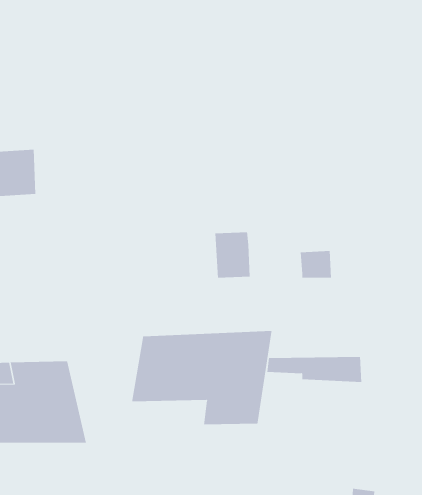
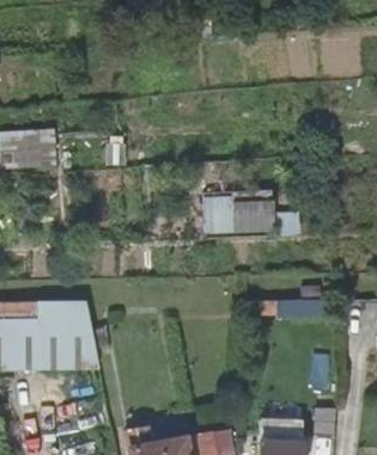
building: none -> [232,203,275,232]
building: [132,330,272,425] -> none

